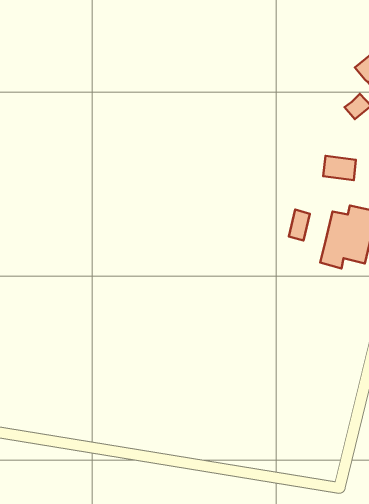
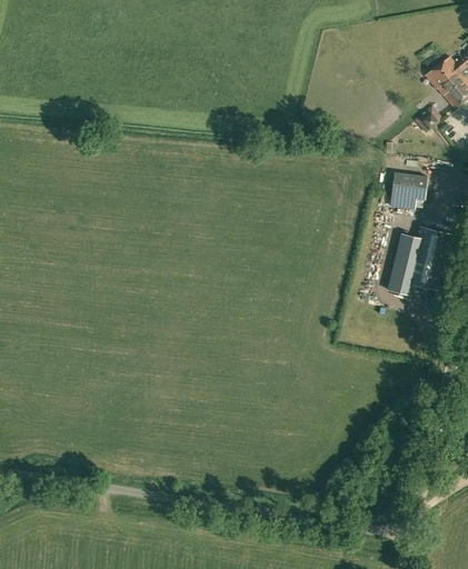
building: [289,210,310,241] -> none

